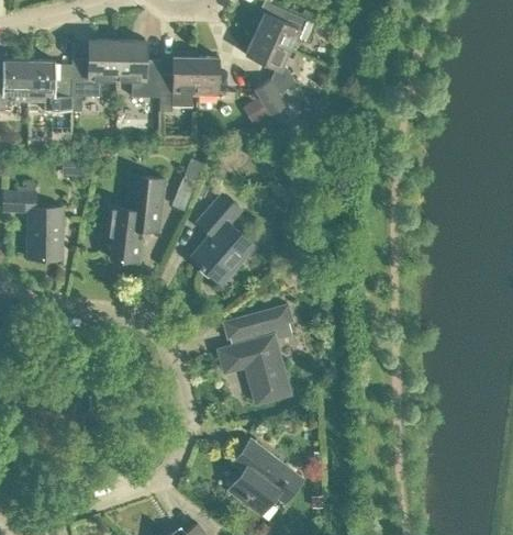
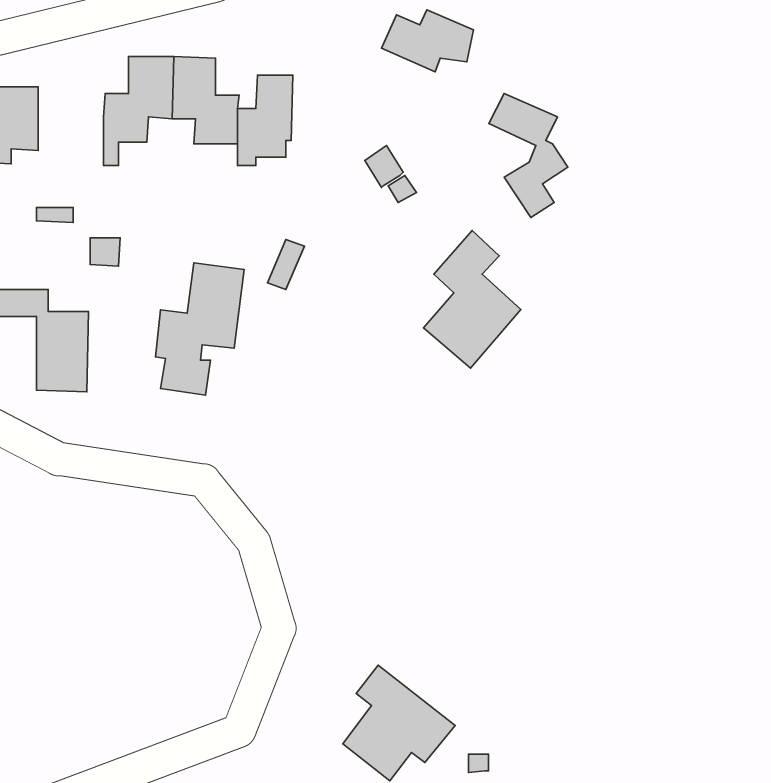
building: [245,35,297,116] -> [489,93,568,217]
building: [196,53,220,97] -> none
building: [30,60,73,112] -> none
building: [191,194,255,285] -> [424,231,521,368]
building: [219,304,293,404] -> none

